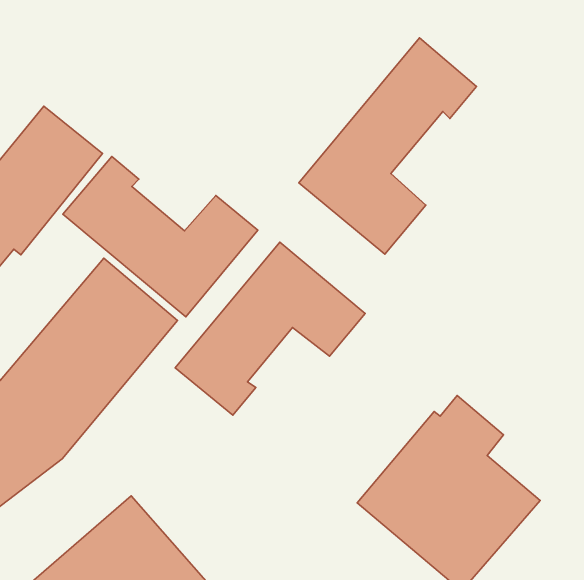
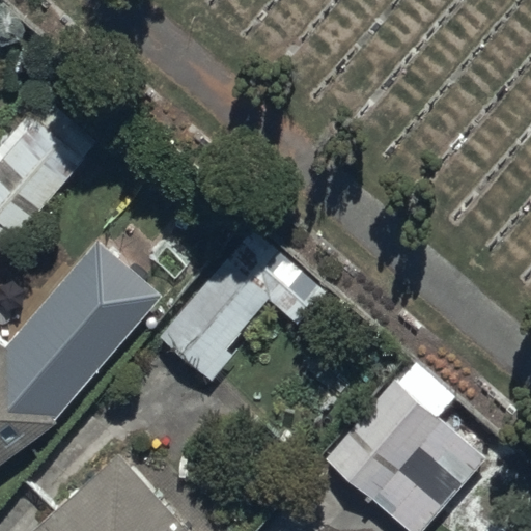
building: [299,38,477,254] -> none
building: [63,157,258,317] -> none

